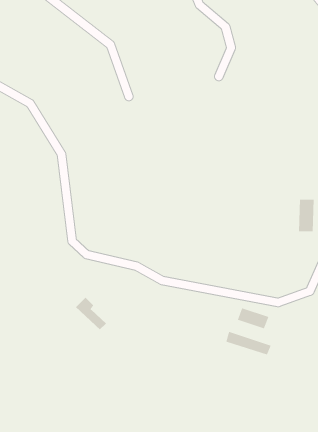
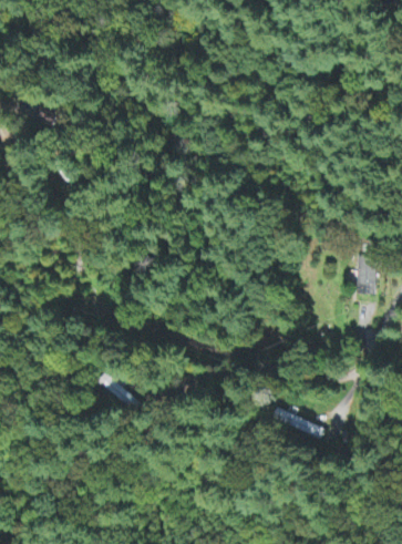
building: [237,307,269,329] -> none

